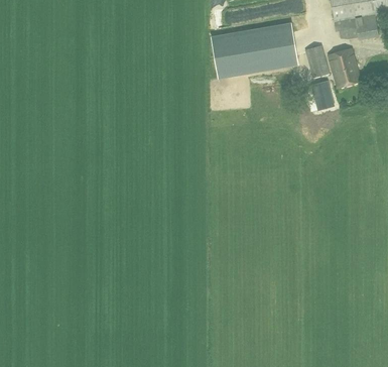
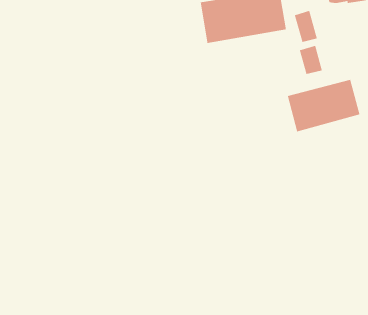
building: [328,46,360,87] -> none
building: none -> [287,79,361,132]

